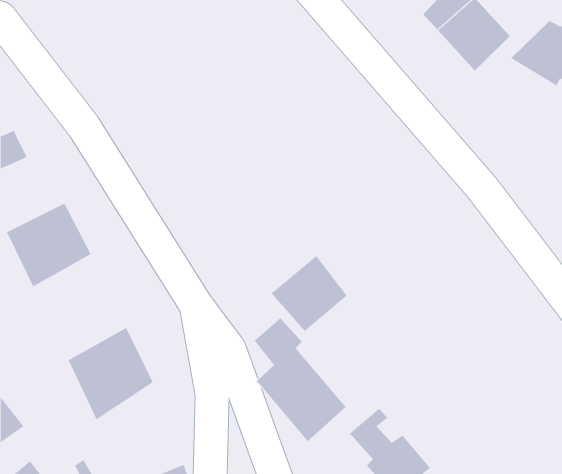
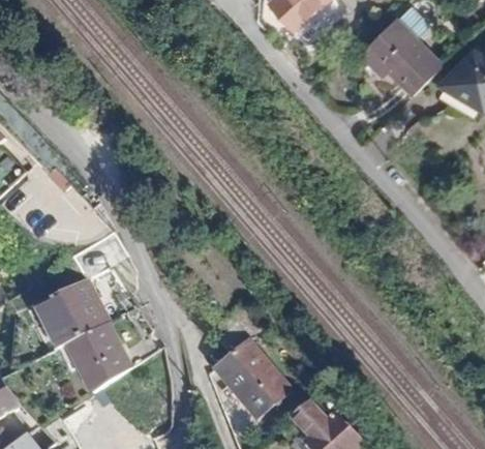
building: [6,203,92,287] -> [35,277,108,349]
building: [271,255,347,332] -> none

